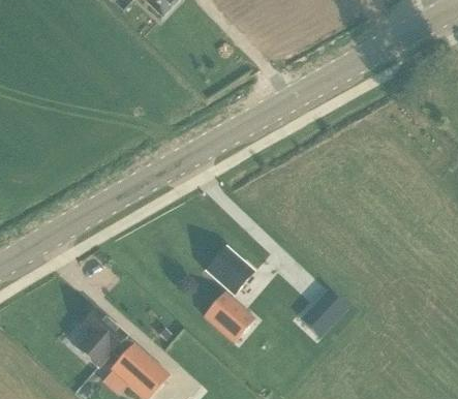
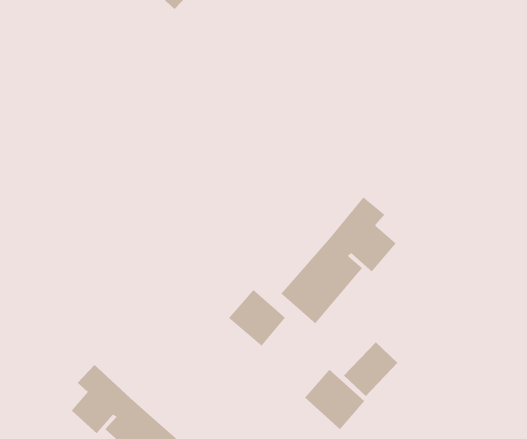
building: none -> [281,197,396,324]
building: [205,291,255,342] -> [304,369,365,430]

